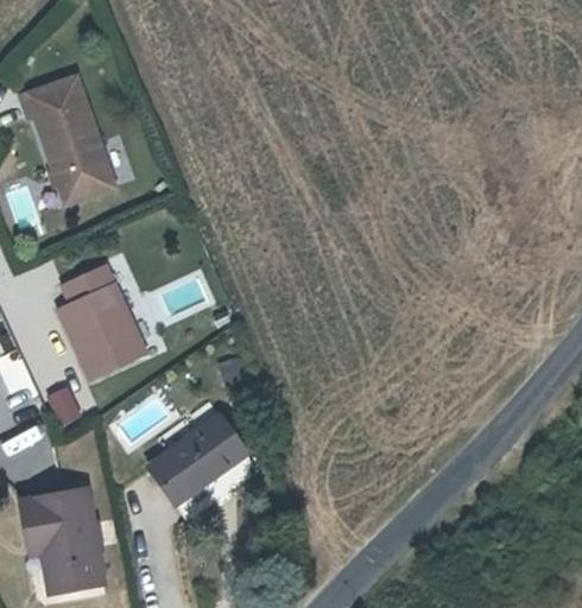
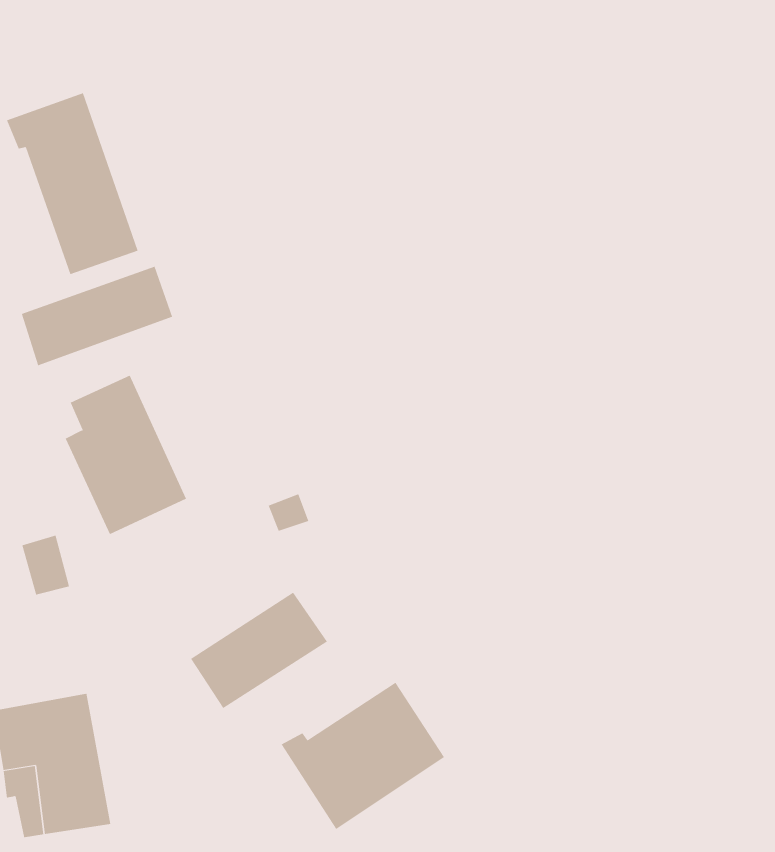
building: none -> [21,266,173,366]
building: none -> [281,682,445,830]

